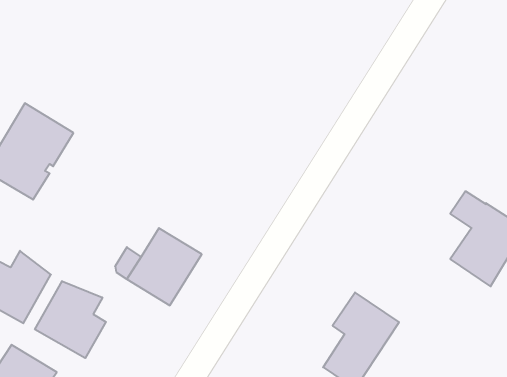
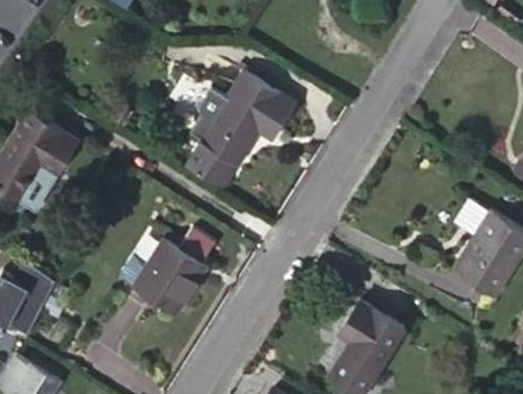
building: none -> [181,71,296,187]
building: [35,281,106,358] -> none

